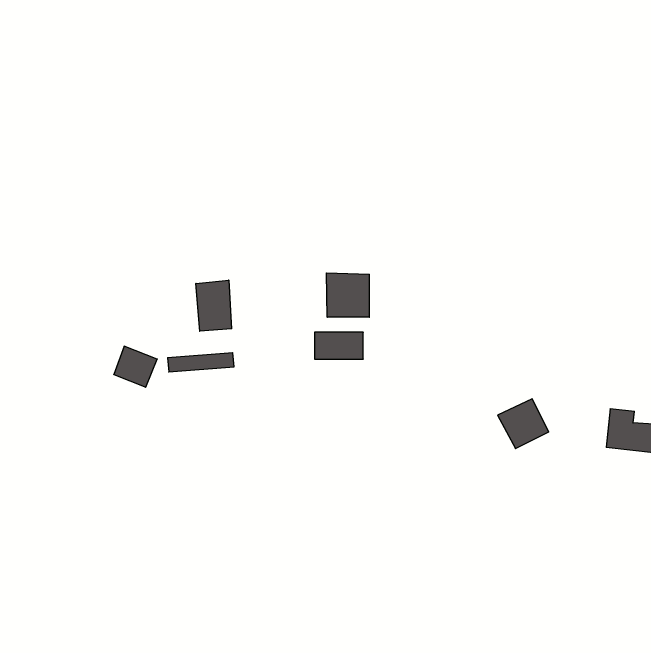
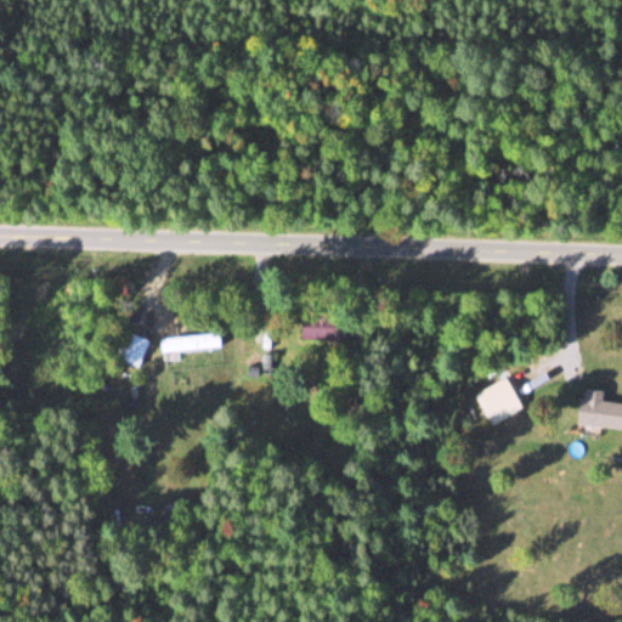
building: [327,273,369,317] -> none
building: [196,280,232,331] -> none

